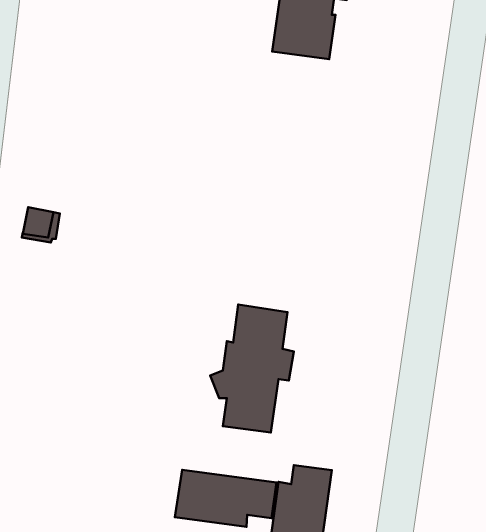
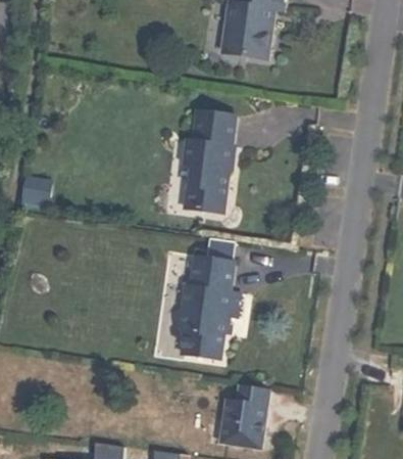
building: none -> [184,110,236,213]
building: [175,470,277,527] -> none

